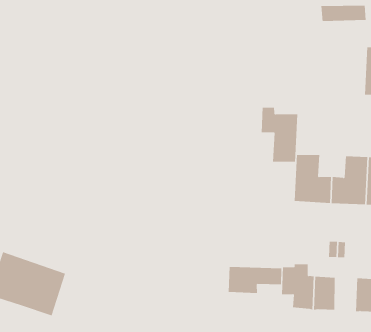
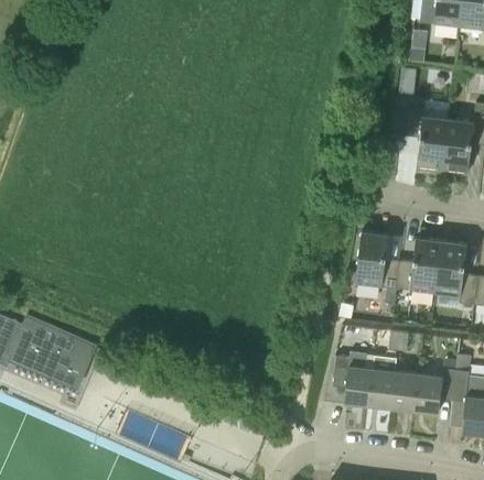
building: [261,107,298,162] -> [406,109,449,173]
building: [228,266,282,294] -> none
building: none -> [391,373,418,413]

